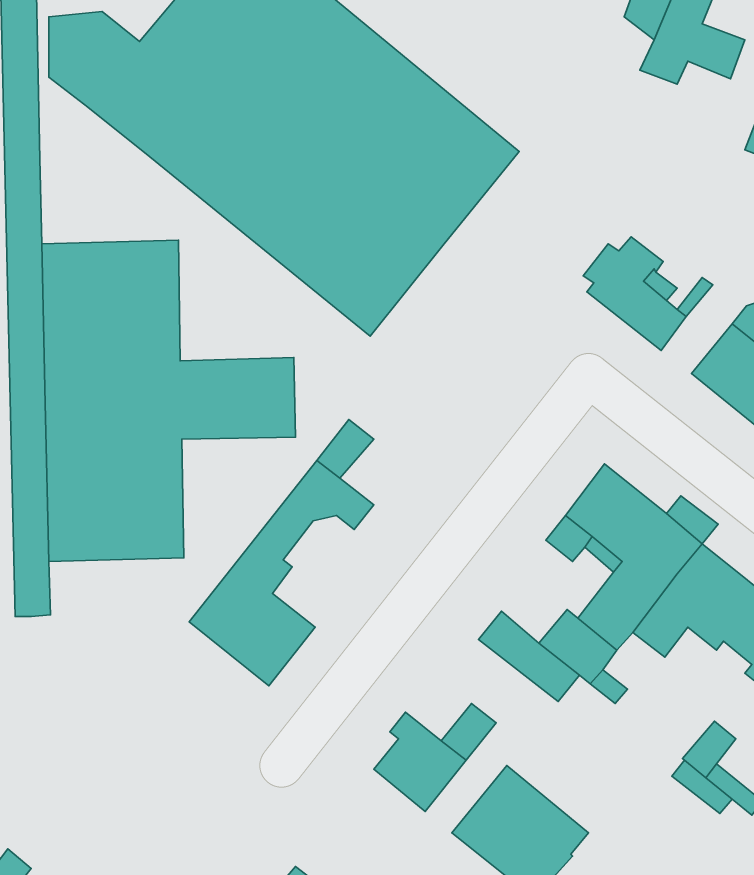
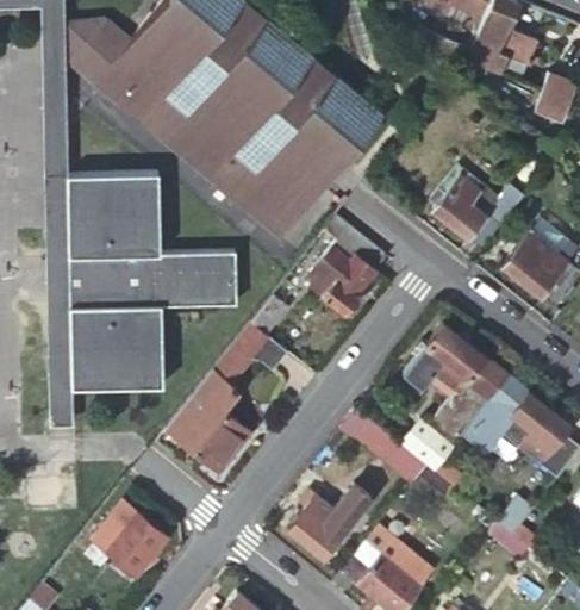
building: none -> [308,214,387,315]
building: none -> [92,502,169,578]

